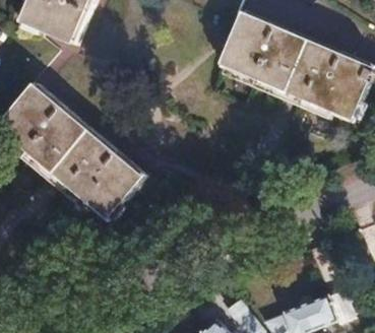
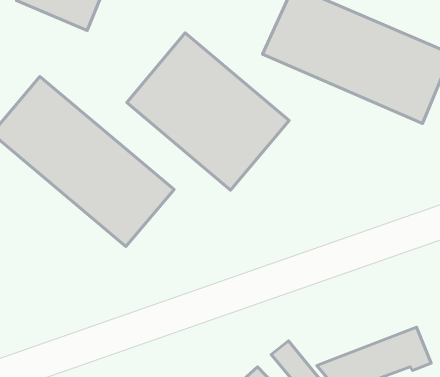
building: none -> [127,33,289,190]

